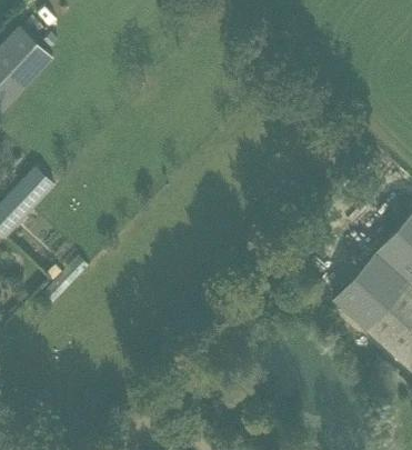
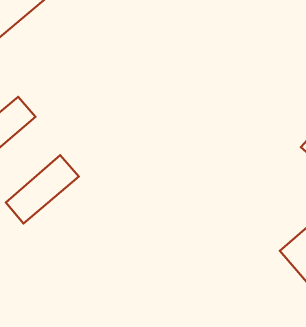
building: none -> [6,155,79,224]

